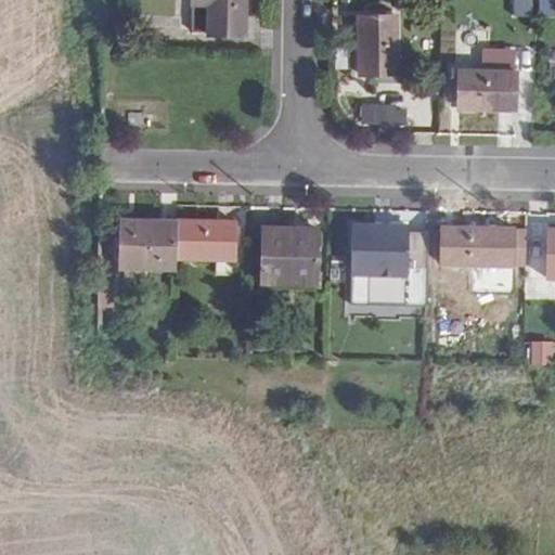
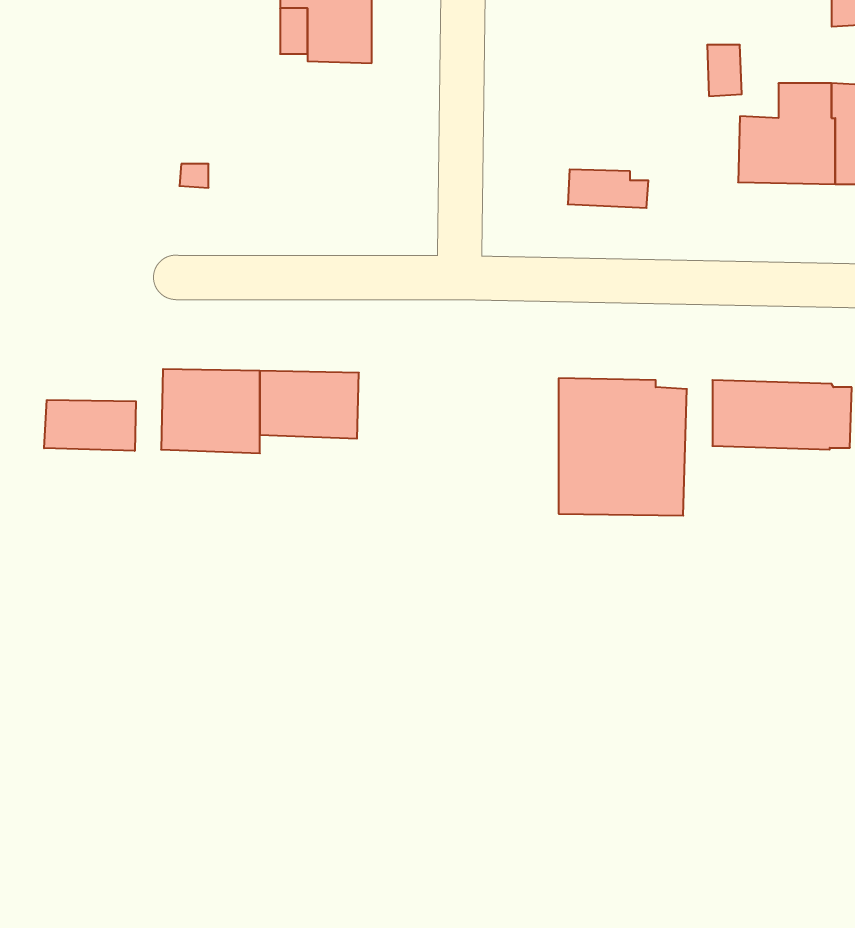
building: [357,17,397,76] -> none
building: [259,227,315,281] -> none
building: none -> [44,400,136,451]

